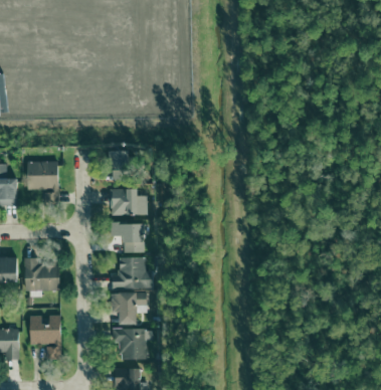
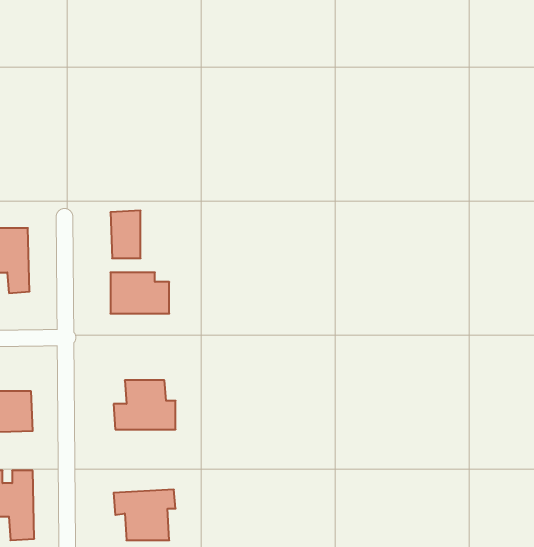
building: [112,223,144,252] -> none
building: [111,291,147,325] -> none

